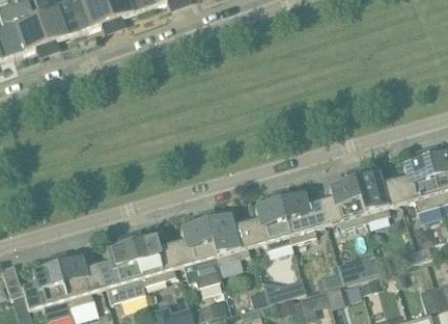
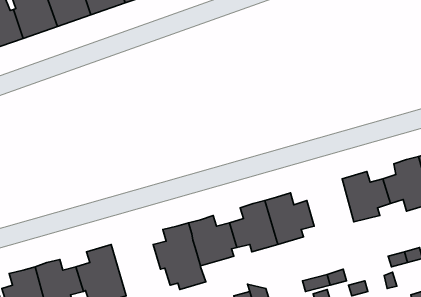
building: [319,178,365,226] -> none
building: [131,234,178,284] -> none

